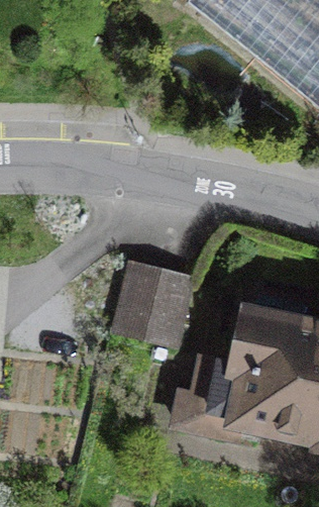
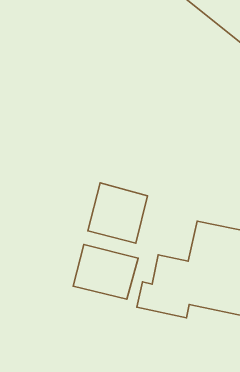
building: none -> [73,244,138,299]

